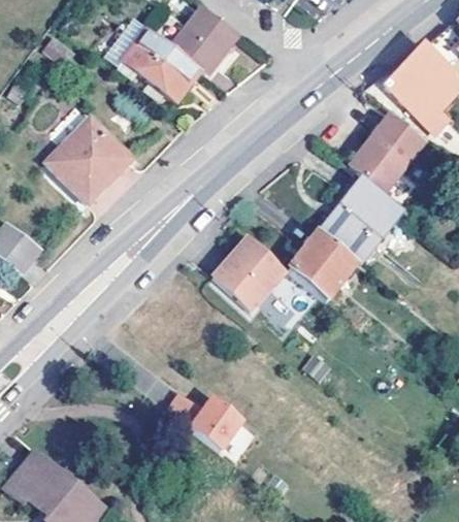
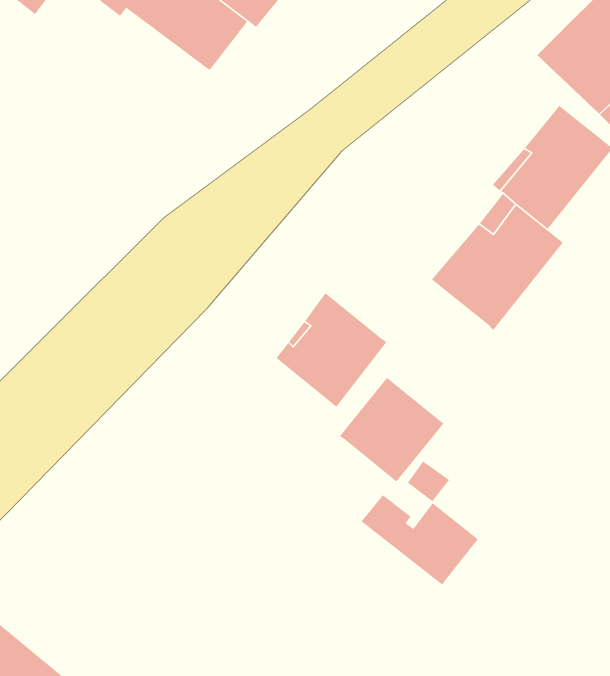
building: [45,118,128,201] -> none
building: [287,232,355,300] -> [339,377,445,483]
building: [163,392,239,451] -> [360,494,479,586]

